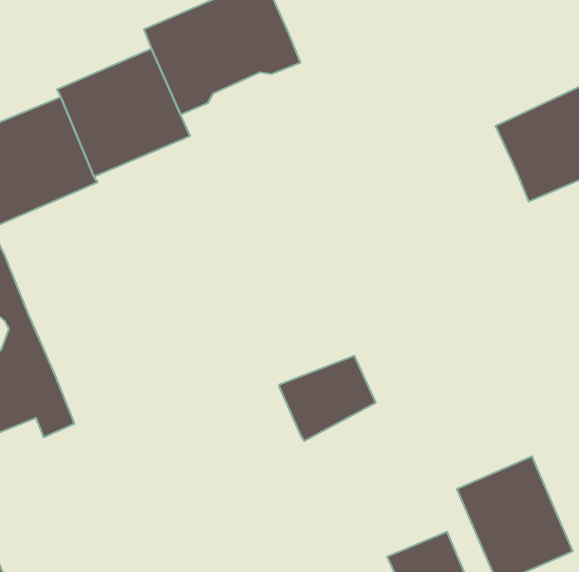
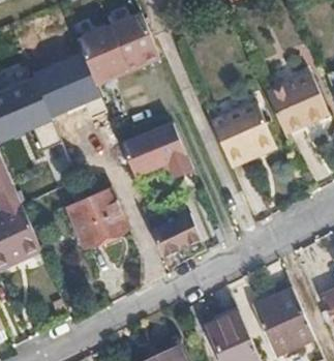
building: none -> [212,98,273,163]
building: none -> [121,123,191,179]
building: none -> [69,189,128,247]

